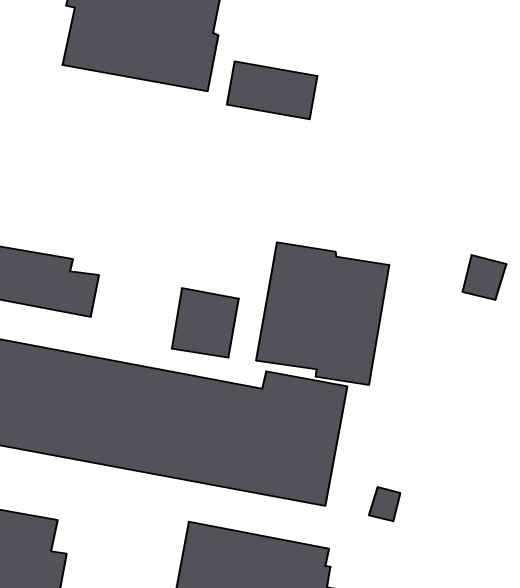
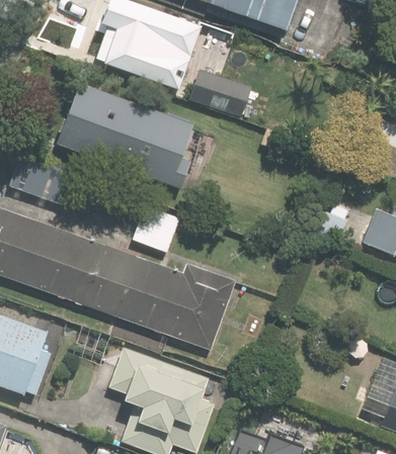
building: none -> [57,82,196,187]
building: [256,242,389,385] -> none

